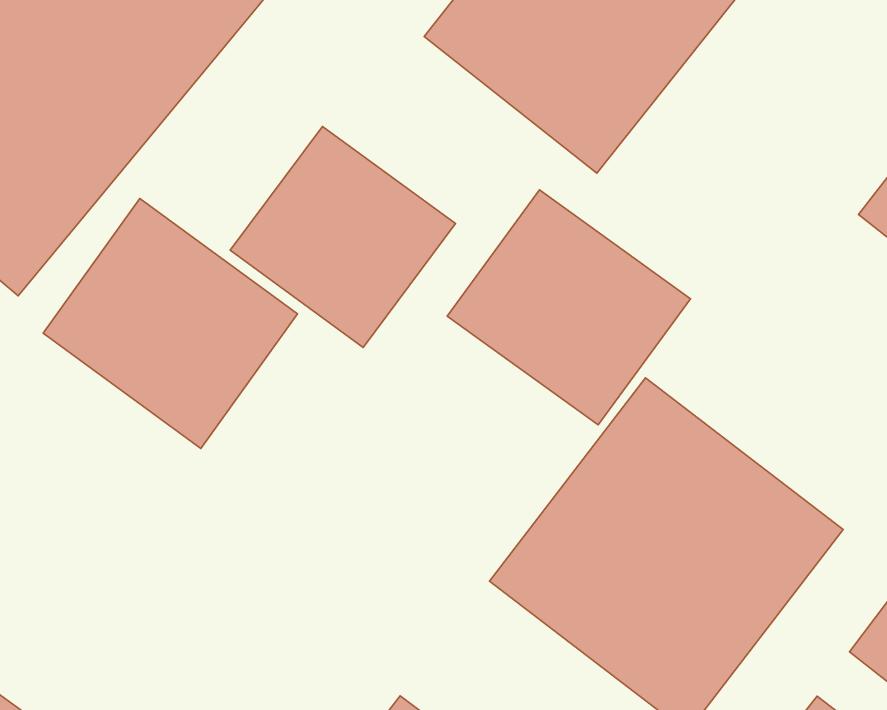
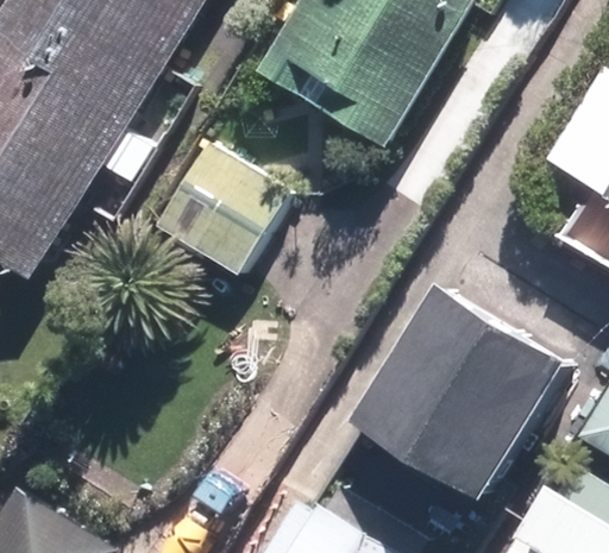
building: [447,190,691,425] -> none
building: [43,199,297,449] -> none

